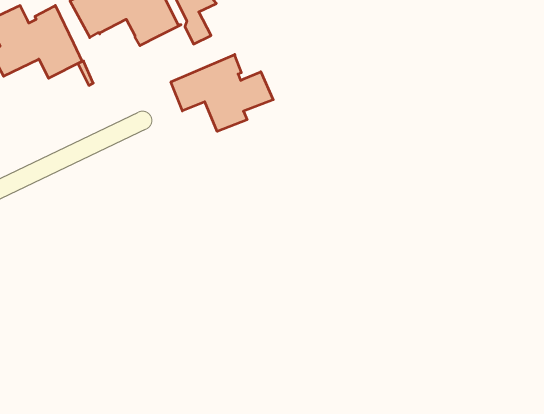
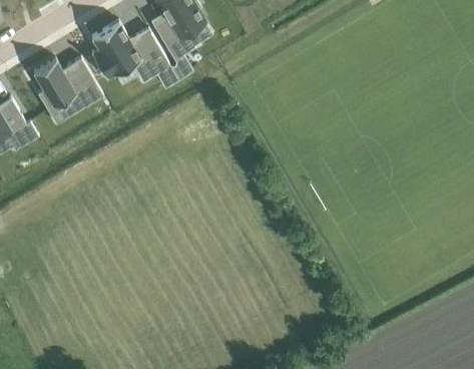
building: [171,54,273,131] -> none

